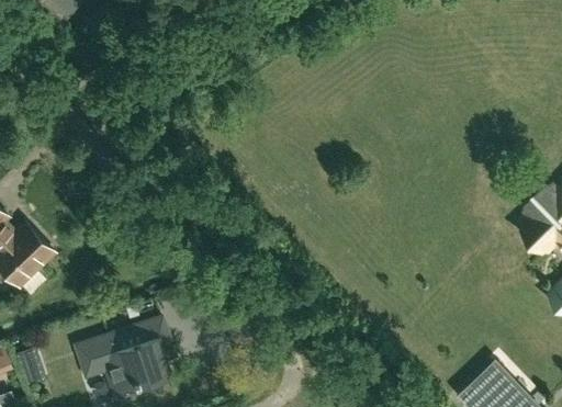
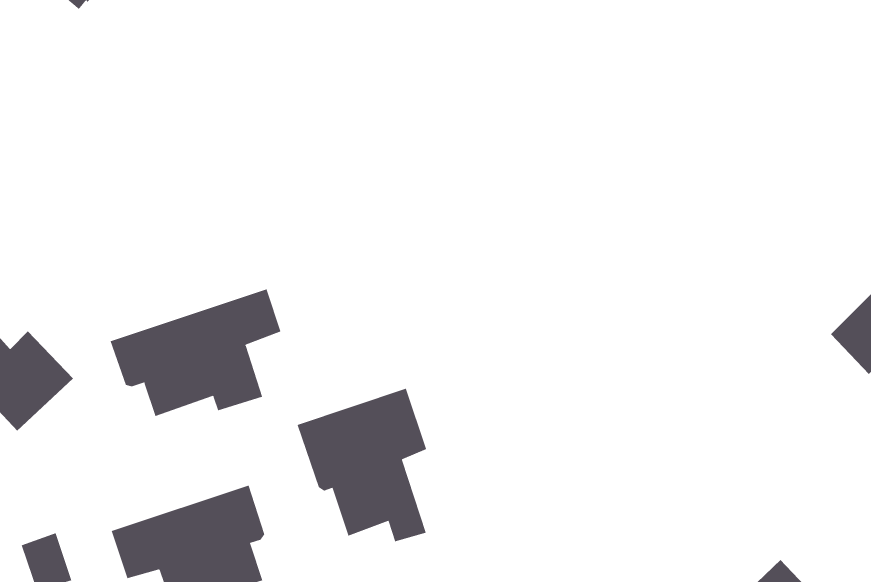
building: none -> [110,289,281,417]
building: none -> [297,388,427,542]

